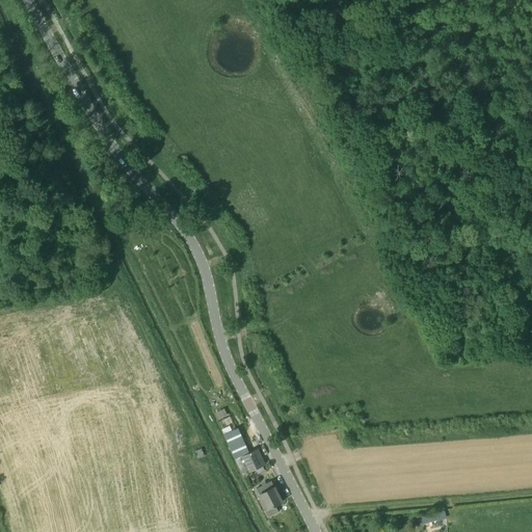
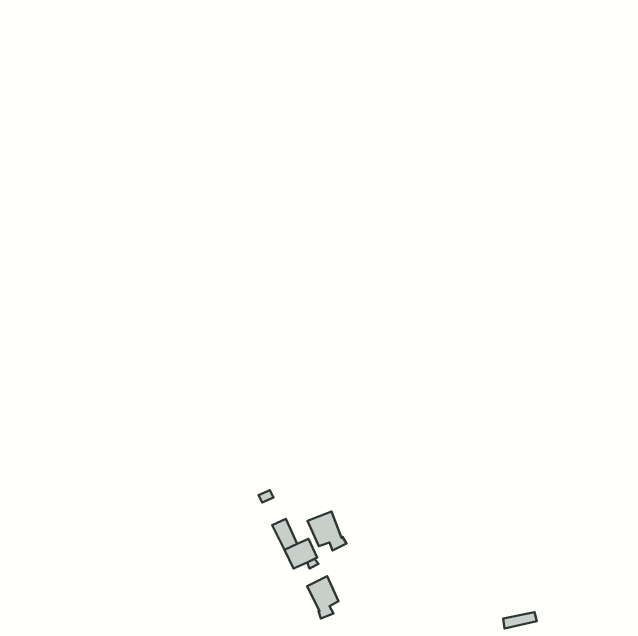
building: none -> [308,511,347,550]

